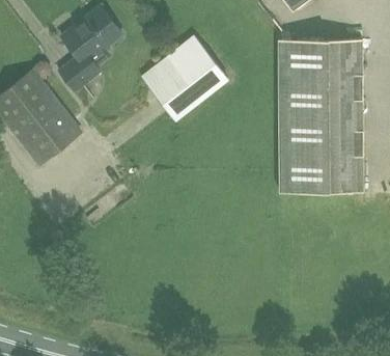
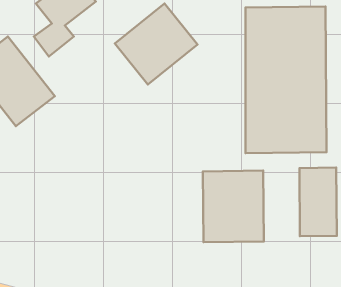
building: none -> [299,167,337,236]
building: none -> [203,171,264,242]

